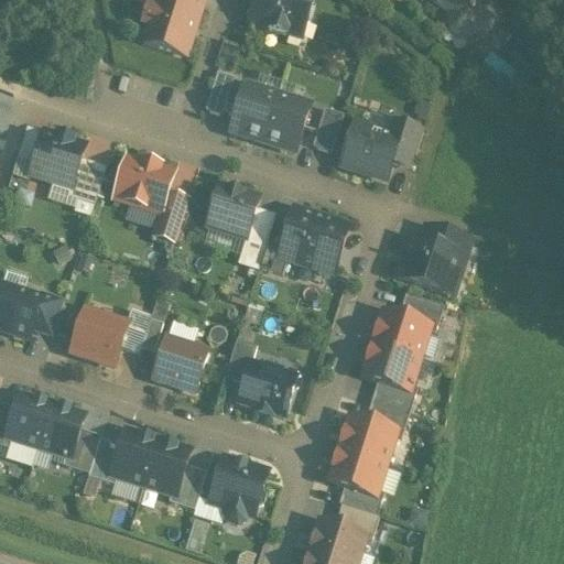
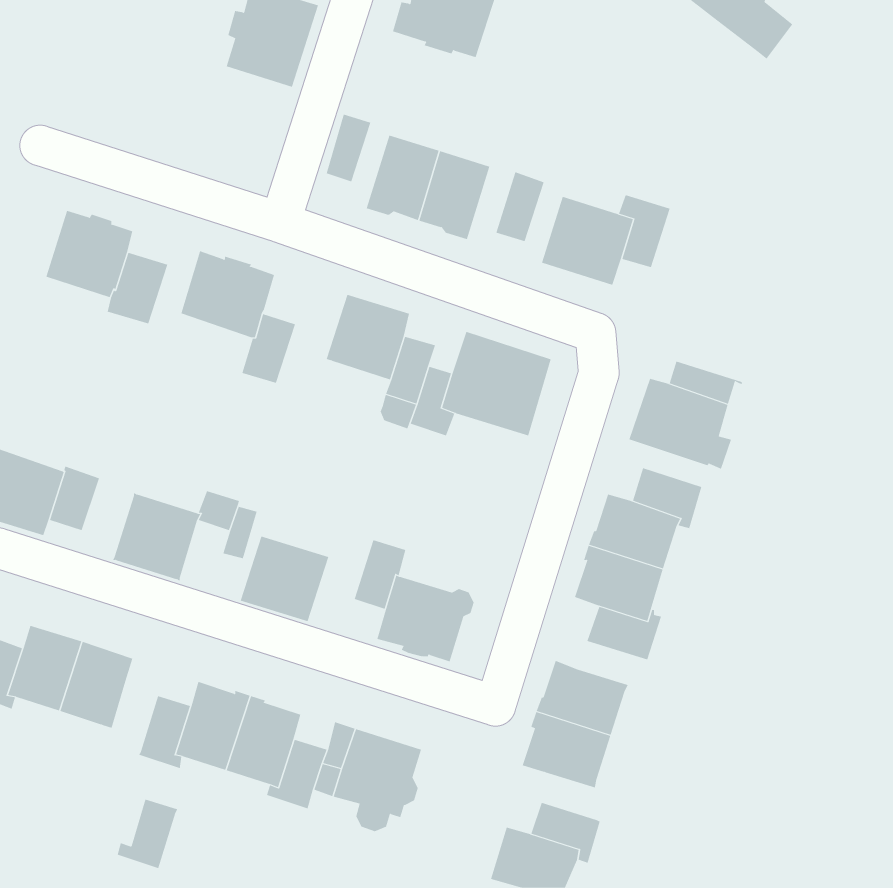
building: [364,403,408,437] -> none
building: [62,429,100,473] -> [117,799,178,869]
building: [337,486,382,516] -> none

